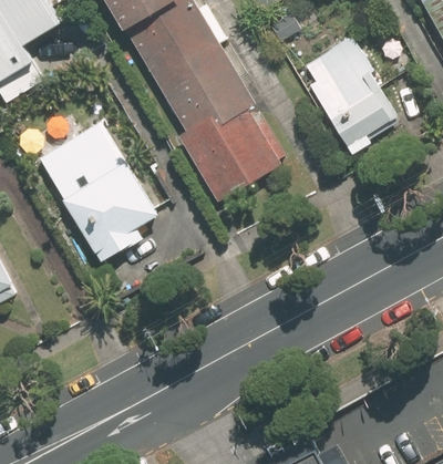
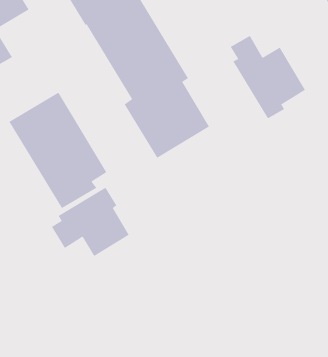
building: none -> [51,187,130,257]

